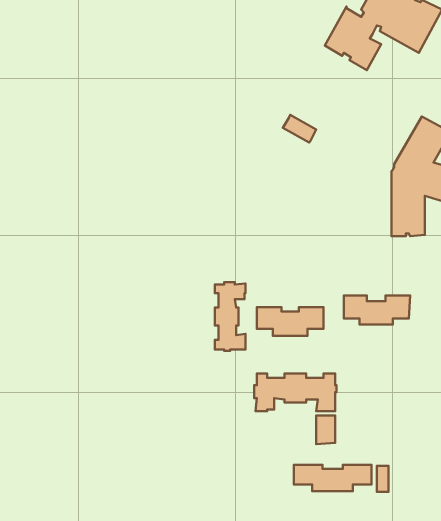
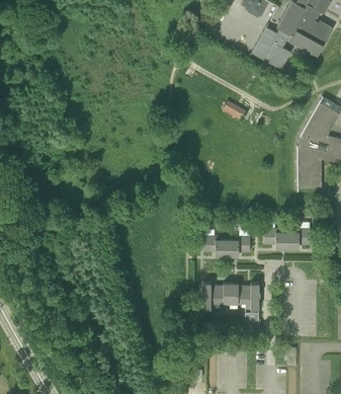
building: [215,282,246,351] -> none
building: [294,465,371,491] -> none

